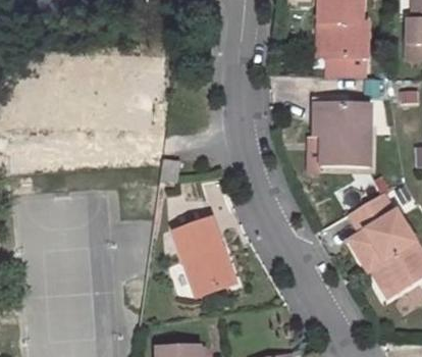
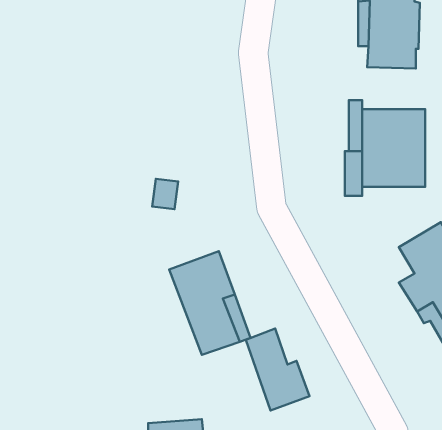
building: none -> [246,328,310,410]

